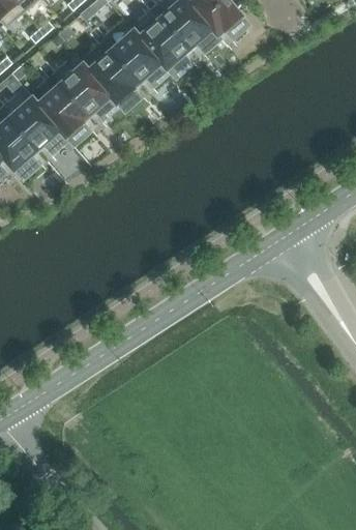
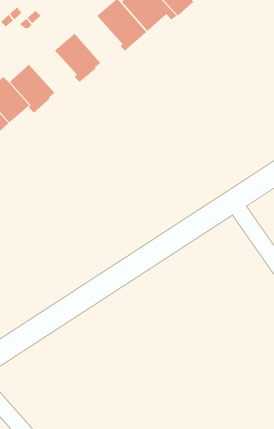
building: [111,29,162,82] -> none
building: [60,62,112,115] -> none

